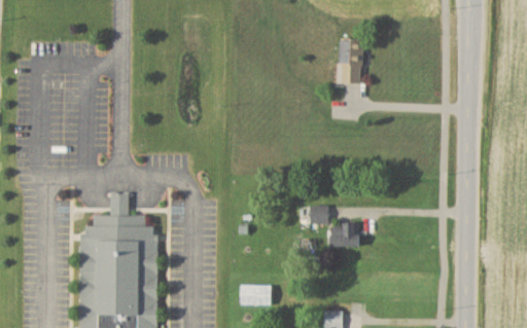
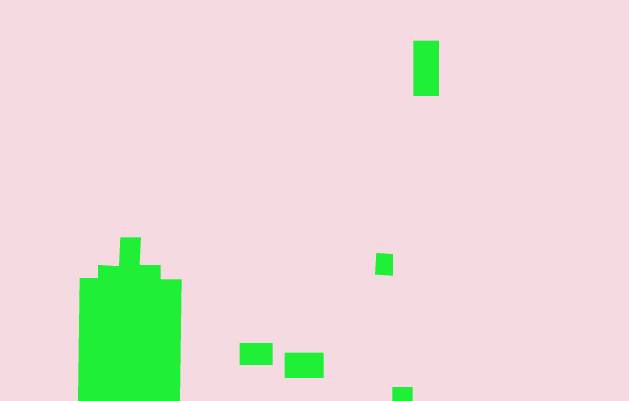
building: [329,224,358,247] -> none
building: none -> [239,342,273,366]

